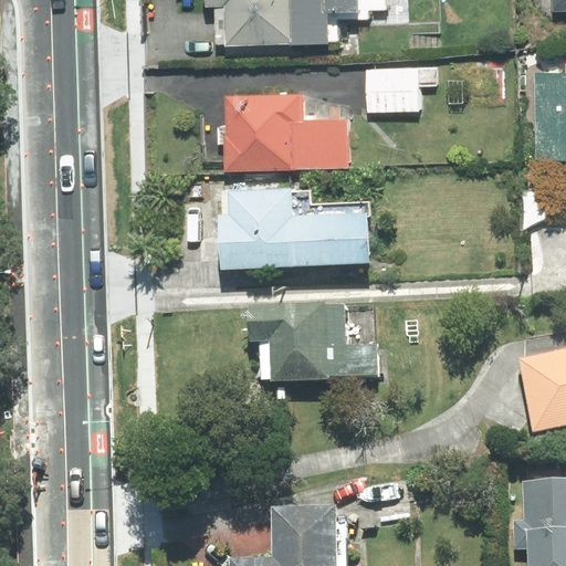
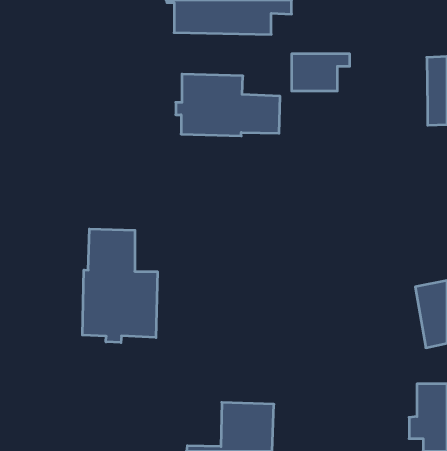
building: [226,185,380,264] -> none
building: none -> [82,229,157,343]
building: [253,308,380,386] -> none

